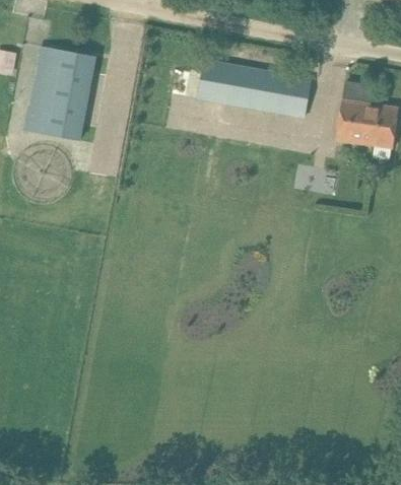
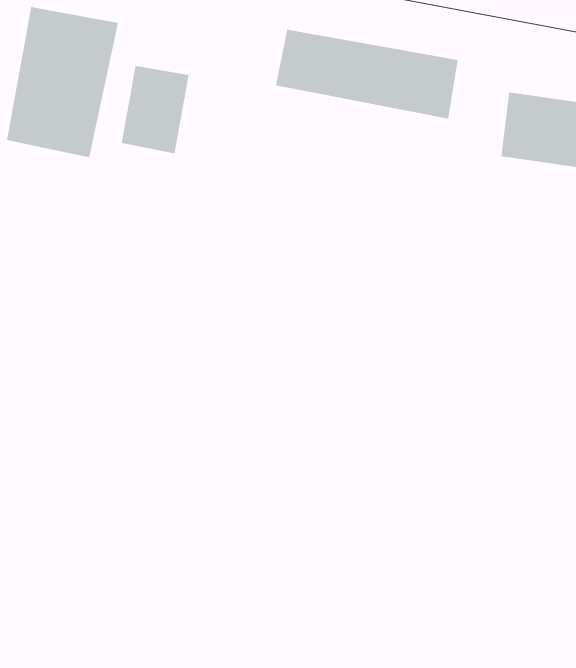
building: none -> [121,65,189,154]

